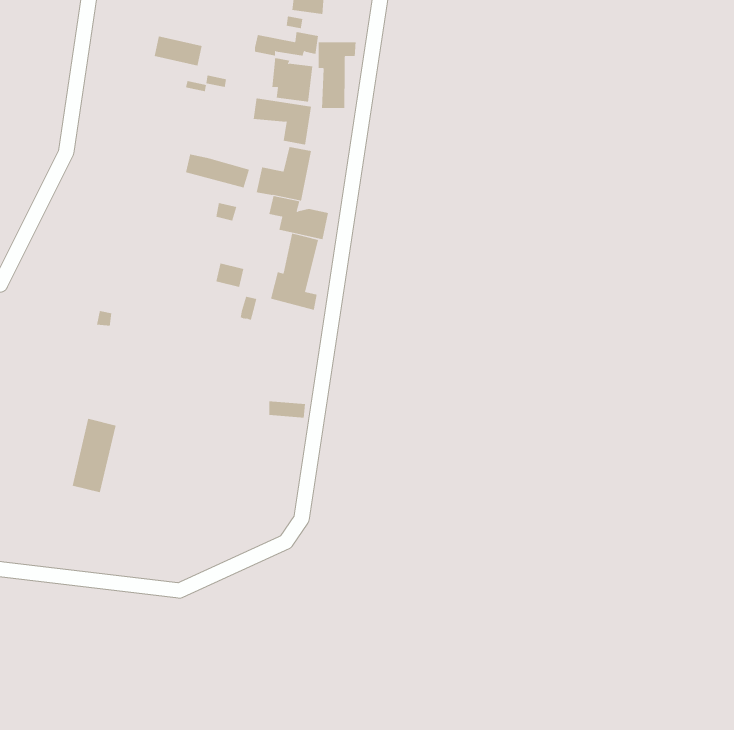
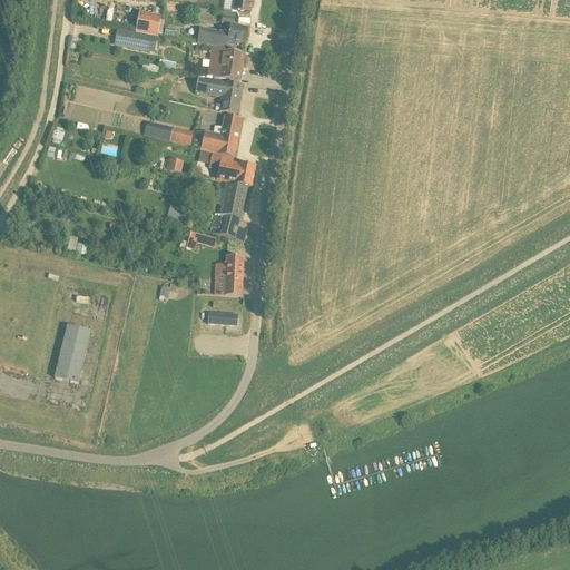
building: none -> [136,10,160,35]
building: [318,41,356,109] -> none
building: none -> [215,255,243,295]

